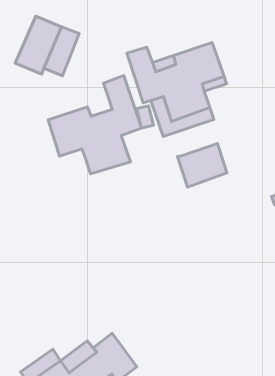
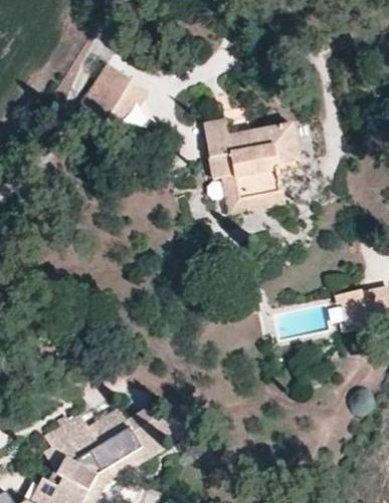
building: [48,76,142,174] -> none
building: [177,144,227,187] -> none

